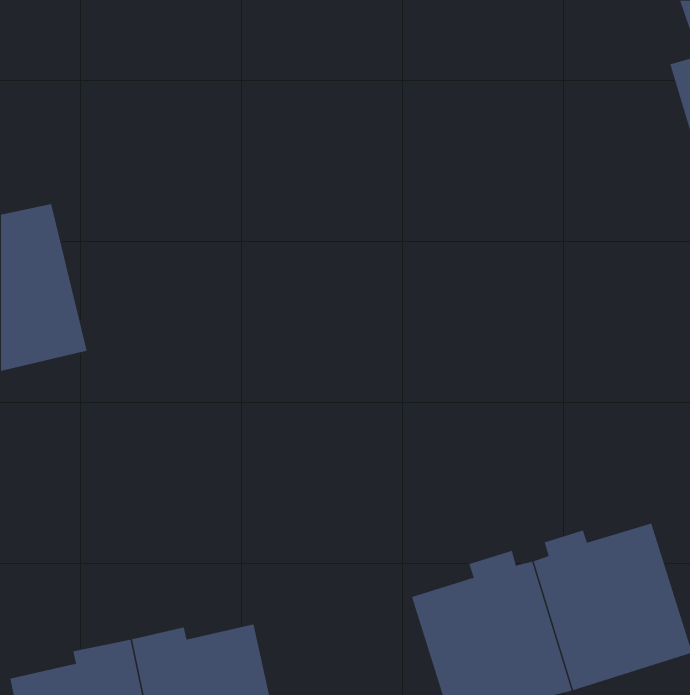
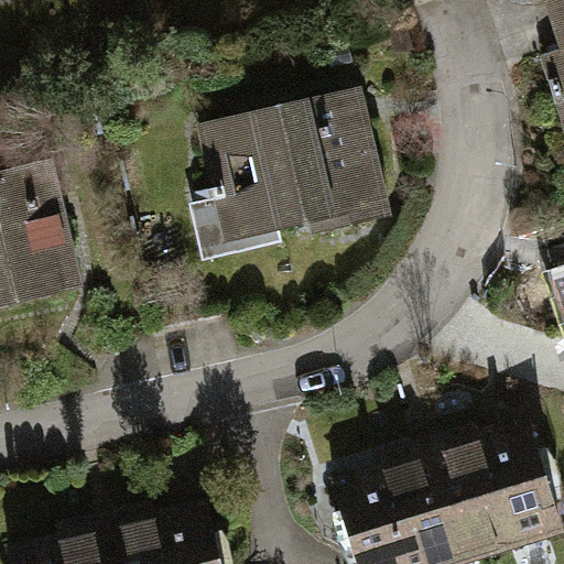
building: none -> [196,99,386,228]

